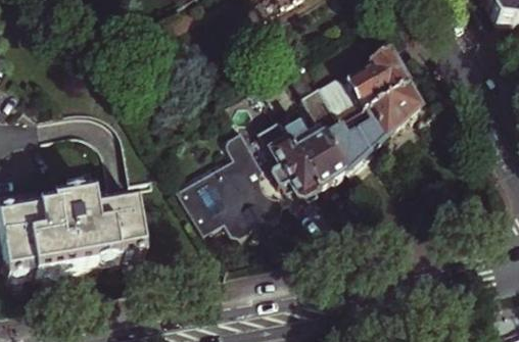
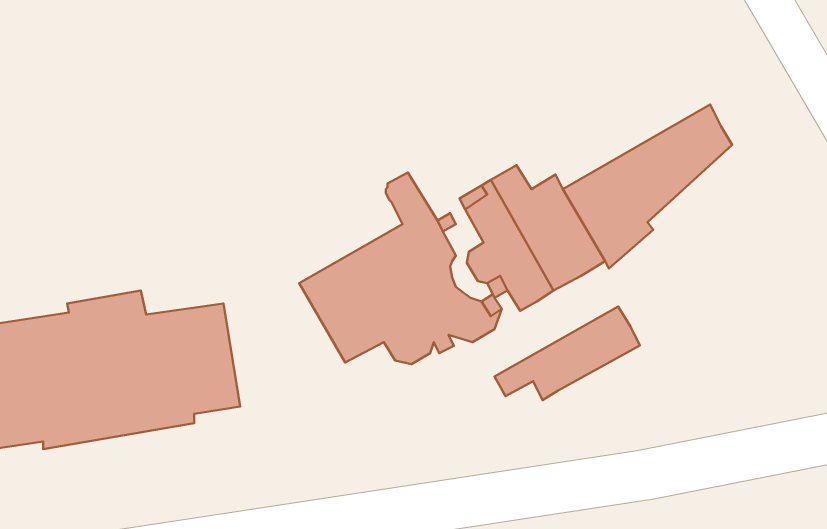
building: [310,47,412,128] -> none
building: none -> [495,306,640,400]

